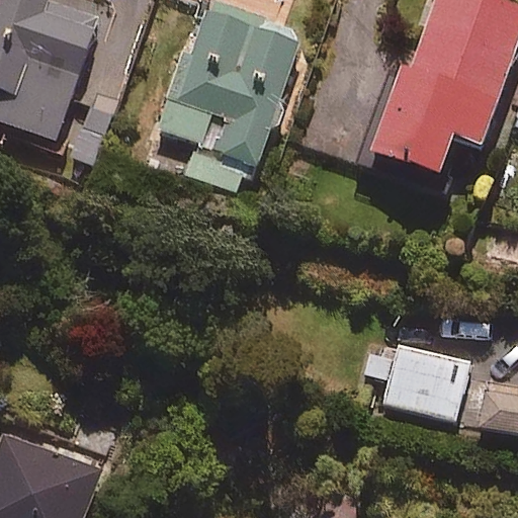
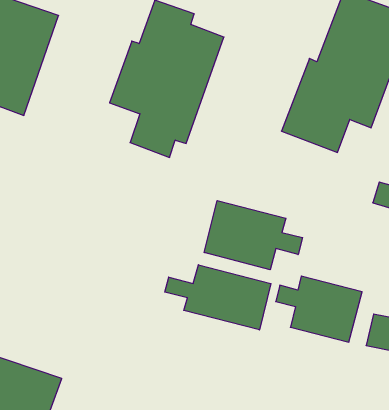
building: none -> [204,201,303,270]
building: none -> [165,265,271,330]

